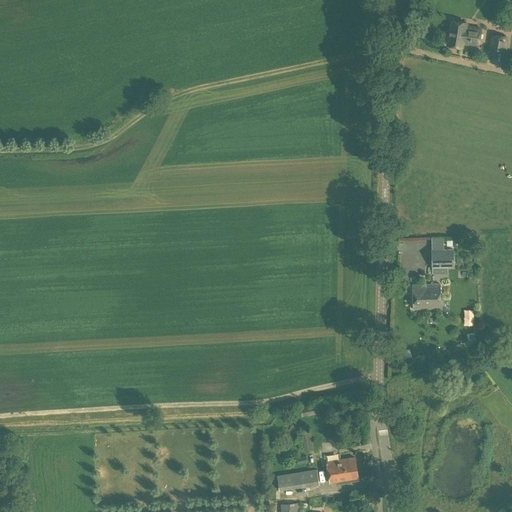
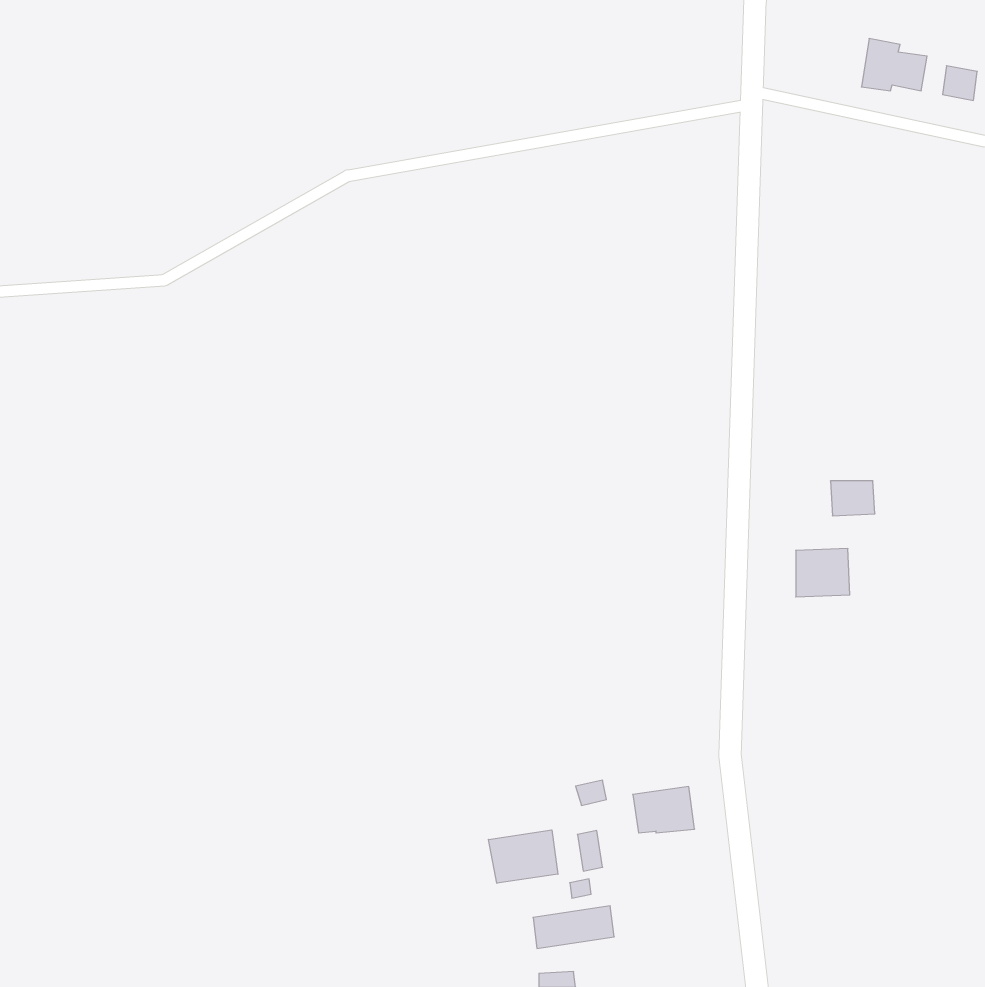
building: none -> [488,830,558,883]
building: [325,458,357,482] -> [633,787,695,833]

